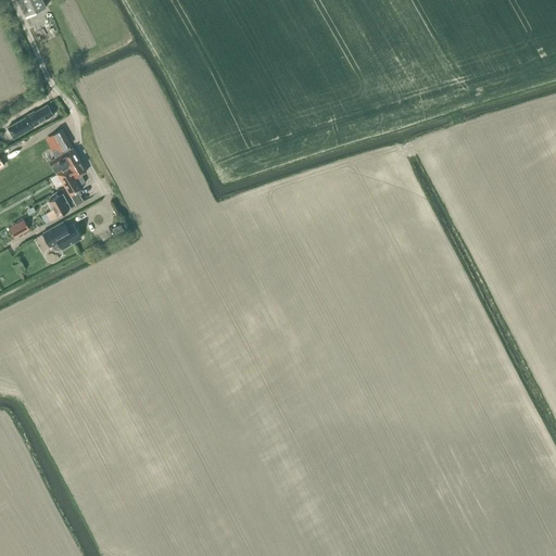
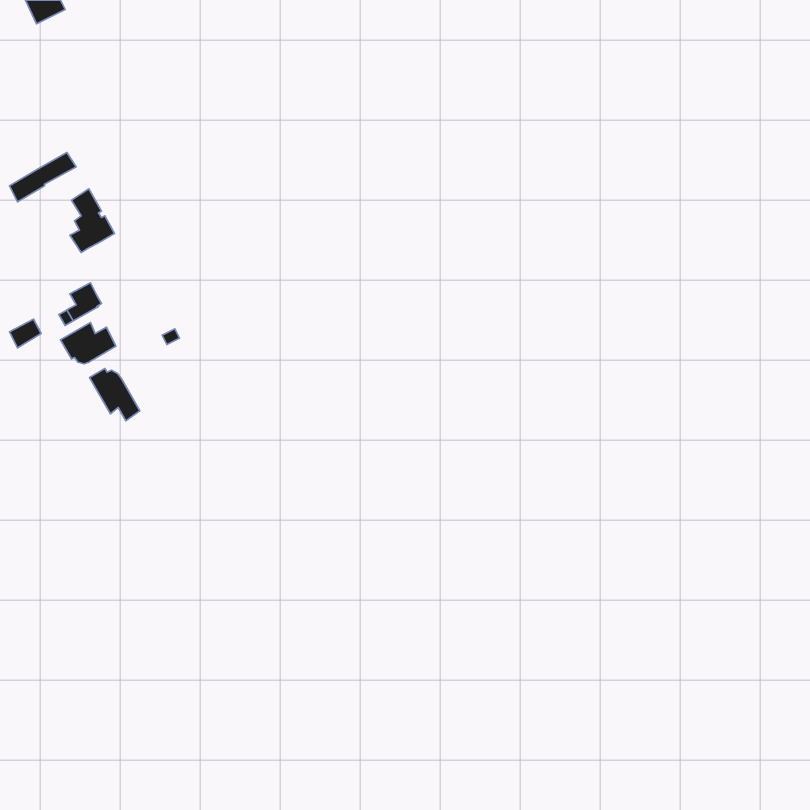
building: [55,161,85,197] -> none
building: none -> [90,369,140,421]

